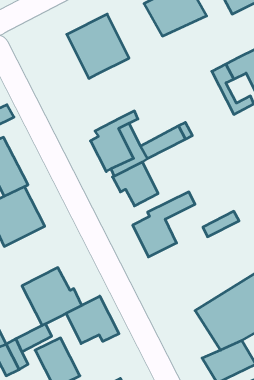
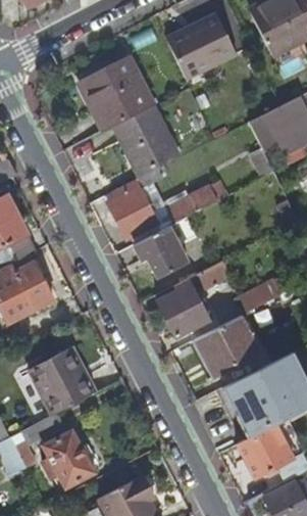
building: none -> [115,104,181,175]
building: none -> [194,316,259,376]
building: [66,296,119,344] -> none

